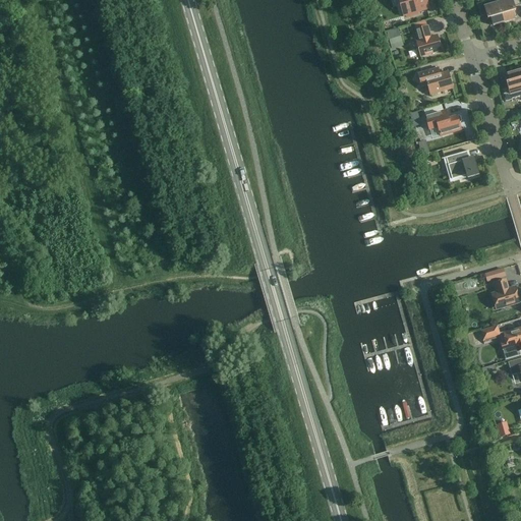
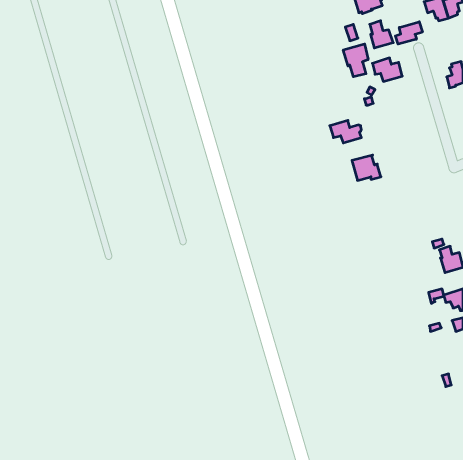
building: none -> [395,22,422,44]
building: none -> [343,44,368,77]
building: [425,108,461,133] -> [330,120,361,143]
building: [446,149,478,177] -> [352,155,381,180]

